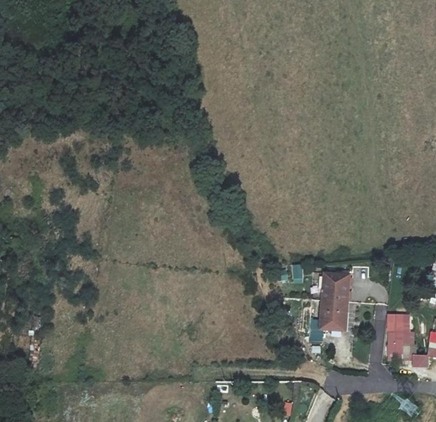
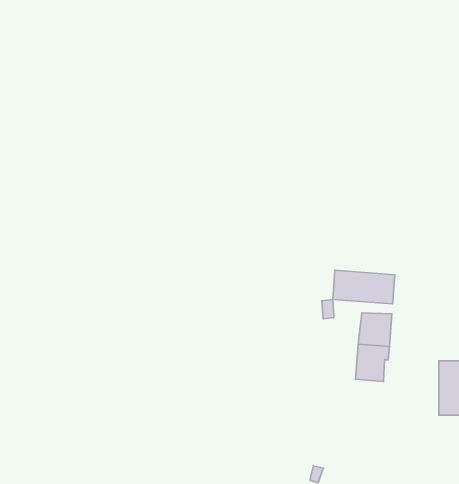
building: none -> [333,270,395,304]

